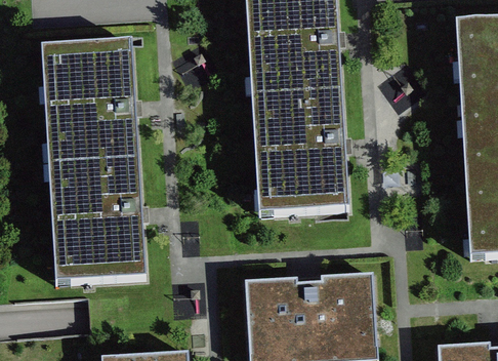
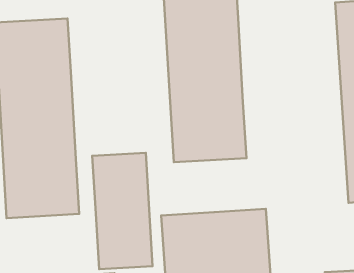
building: none -> [92,153,153,269]

